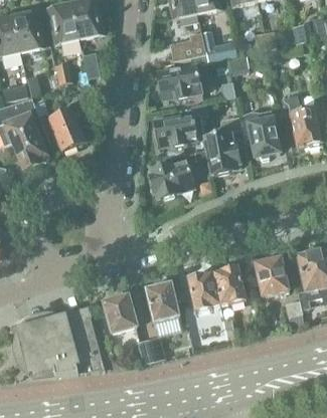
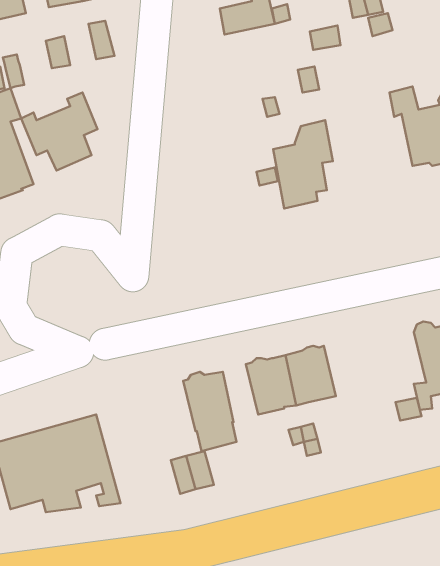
building: [157,63,203,100] -> none
building: [240,111,280,160] -> none
building: [153,114,197,148] -> none
building: [149,160,193,200] -> none
building: [255,257,289,297] -> none
building: [104,293,137,334] -> none

